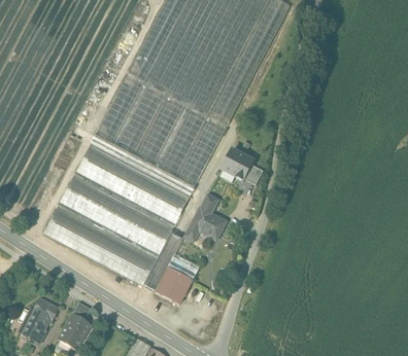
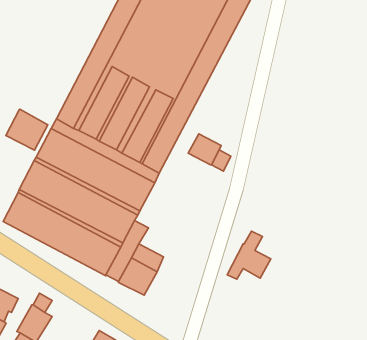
building: none -> [6,109,48,150]
building: [184,194,227,241] -> [227,231,271,279]

